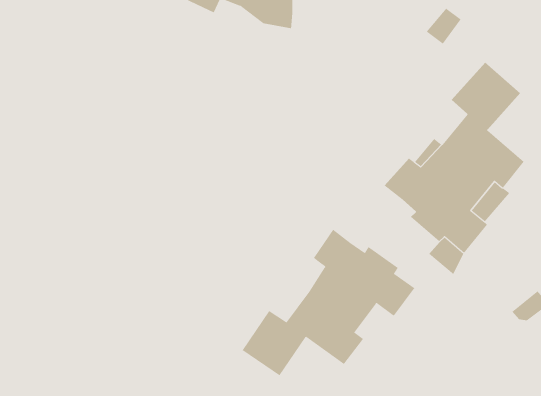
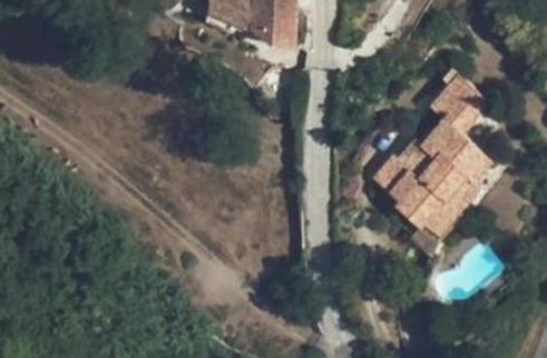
building: [242,229,415,376] -> none

